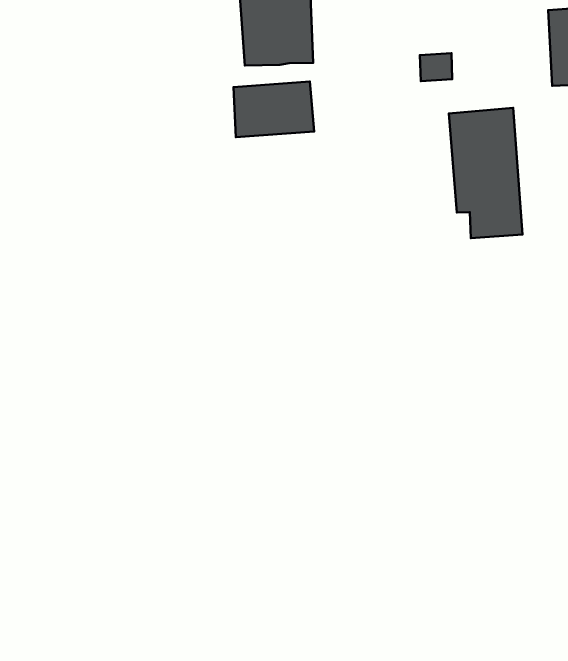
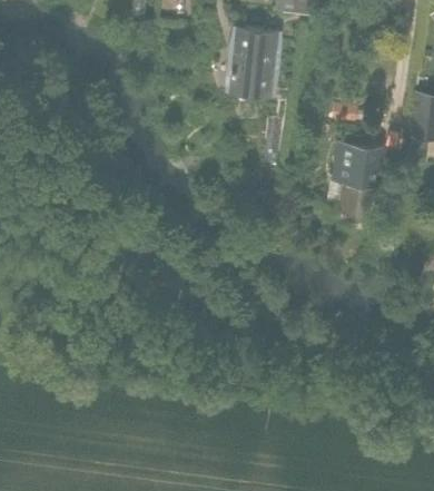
building: [233,82,314,137] -> none

